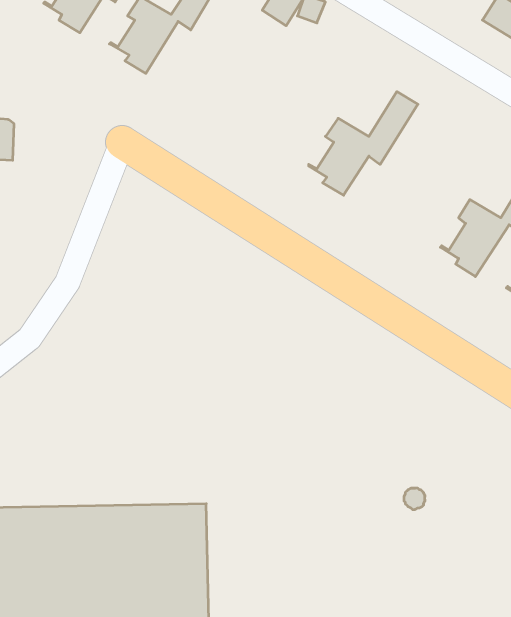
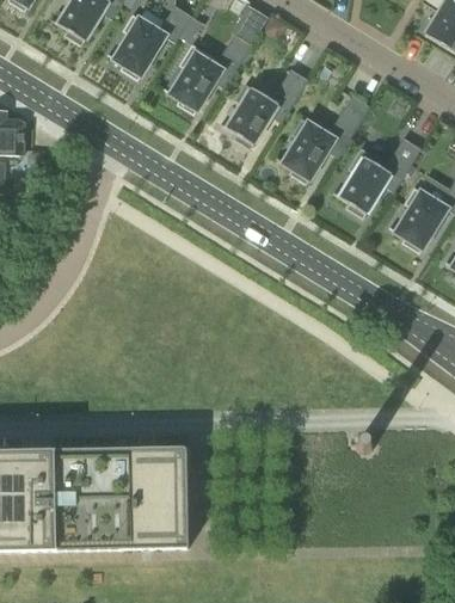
building: none -> [164,33,251,113]
building: none -> [219,68,307,149]
building: none -> [332,136,420,217]

